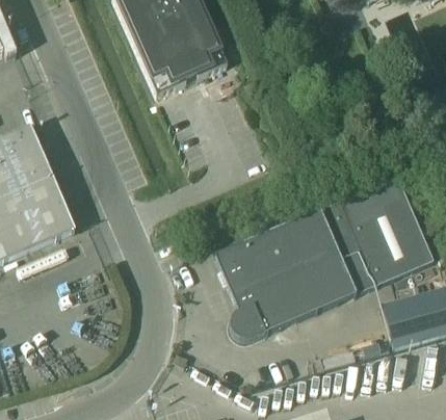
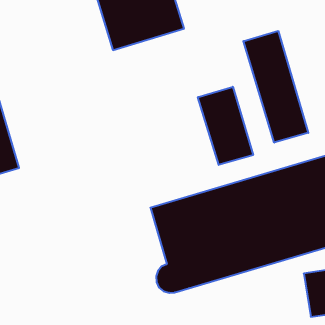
building: none -> [243,31,308,143]
building: none -> [198,87,253,165]

